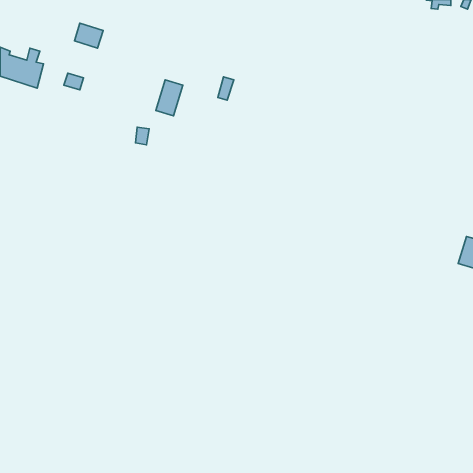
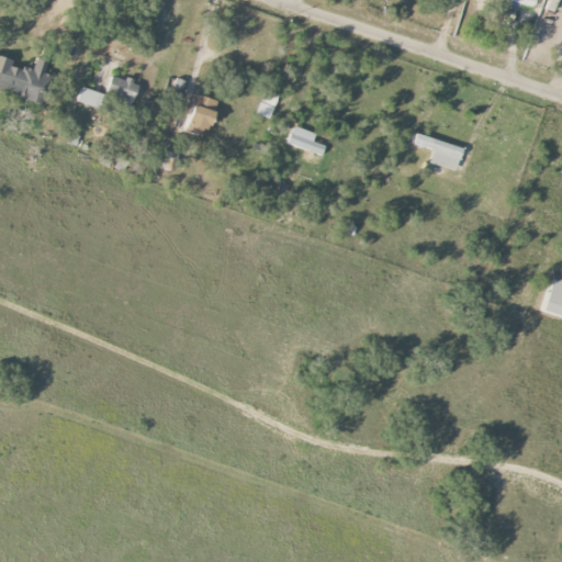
building: [74,23,103,48] -> [105,75,139,104]
building: none -> [286,126,326,155]
building: none -> [413,133,463,171]

